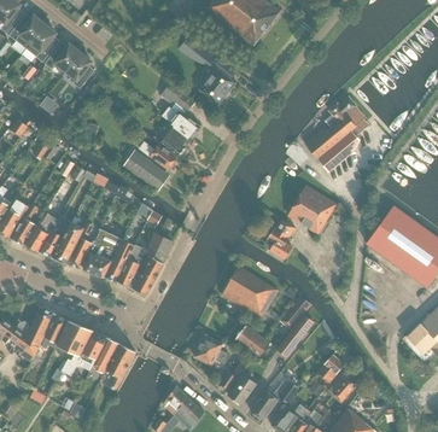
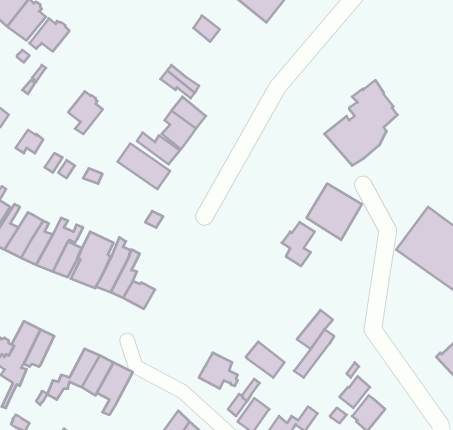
building: [66,52,97,89] -> [68,91,103,134]
building: [200,57,236,104] -> none
building: [144,233,171,279] -> none
building: [222,265,278,319] -> none
building: [56,320,94,356] -> none

